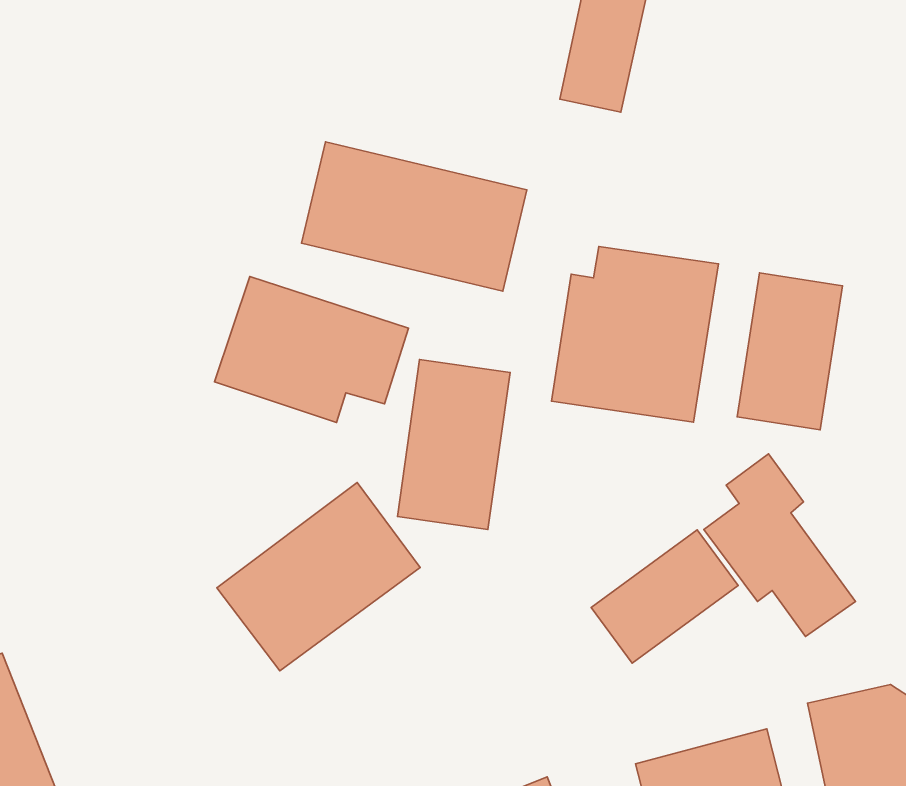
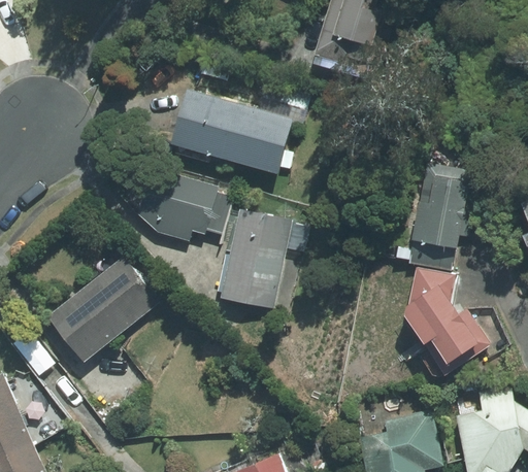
building: [552,246,718,422] -> none
building: [217,483,420,671] -> [46,255,160,360]
building: [591,530,738,663] -> none

